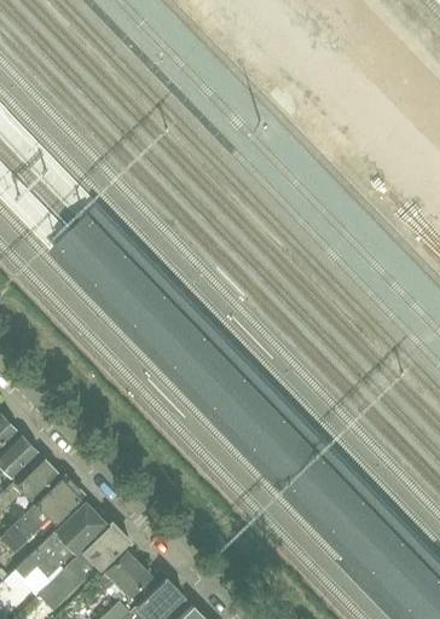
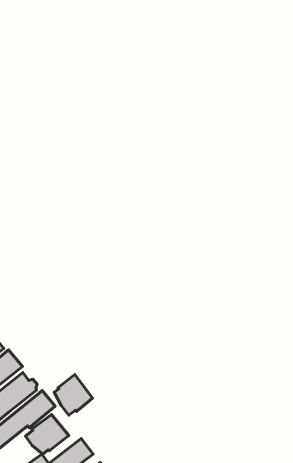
building: none -> [54,374,93,415]

